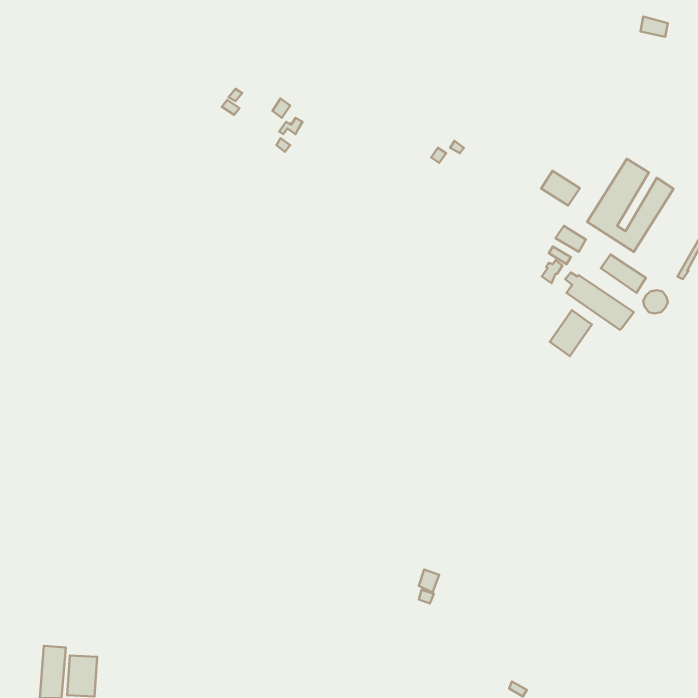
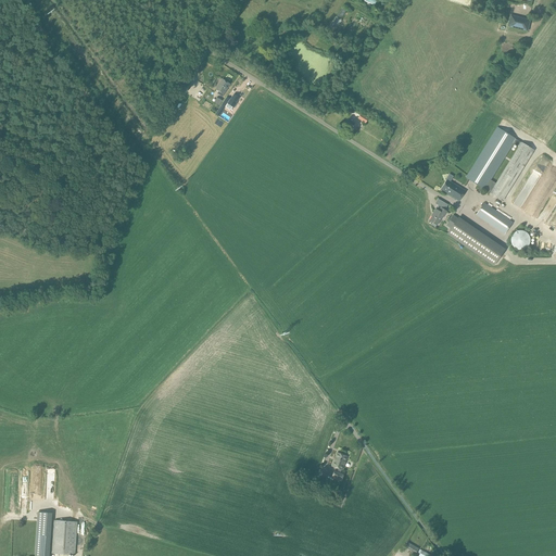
building: [541,171,580,206] -> none
building: [550,310,592,356] -> none

